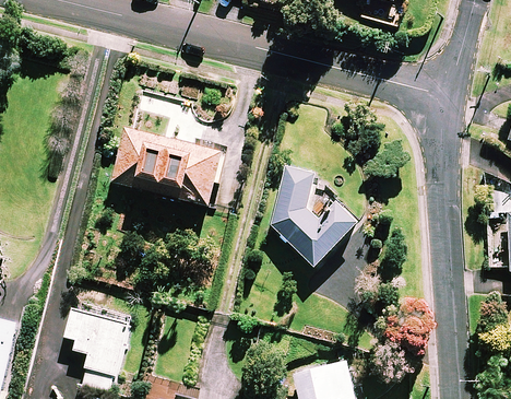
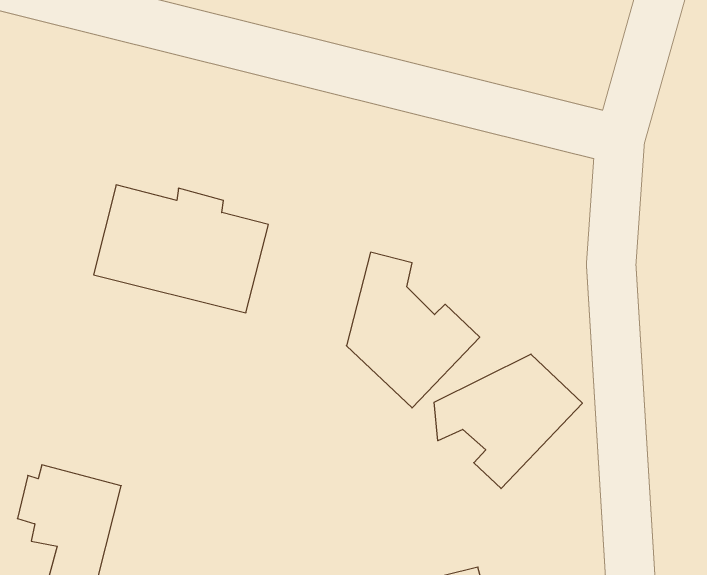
building: none -> [434,354,582,489]

